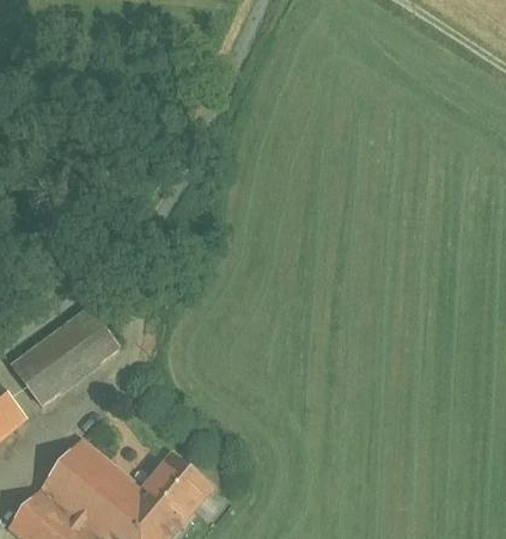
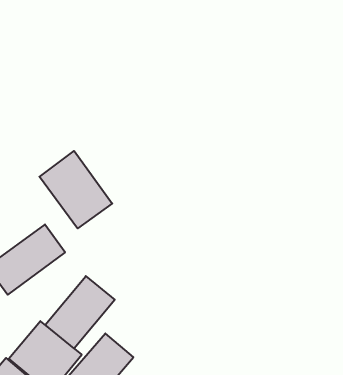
building: none -> [39,151,112,228]
building: none -> [45,276,115,348]

